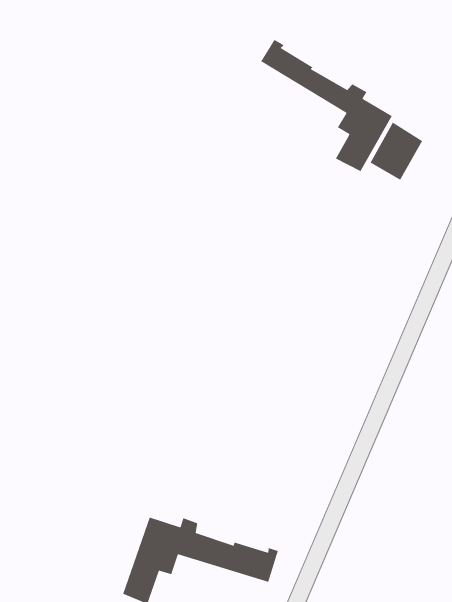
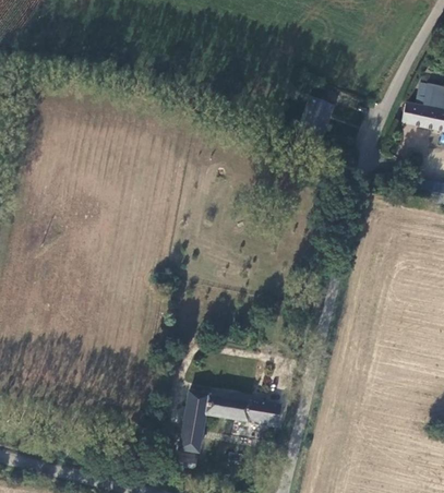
building: [260,39,393,172] -> none

